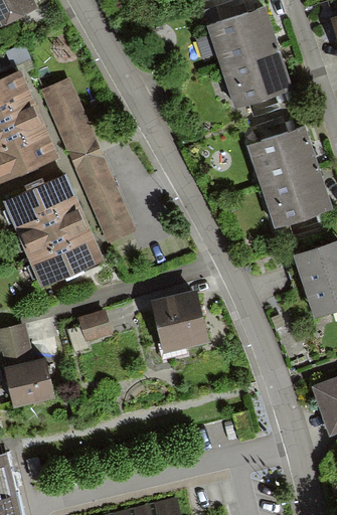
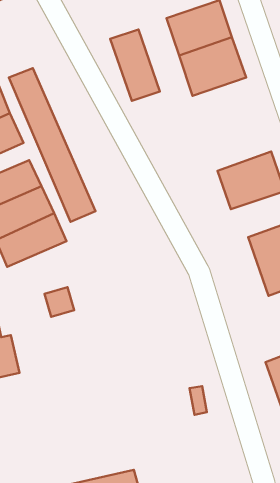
building: none -> [110,29,160,101]
building: [247,127,317,186] -> none
building: [148,291,209,353] -> none

